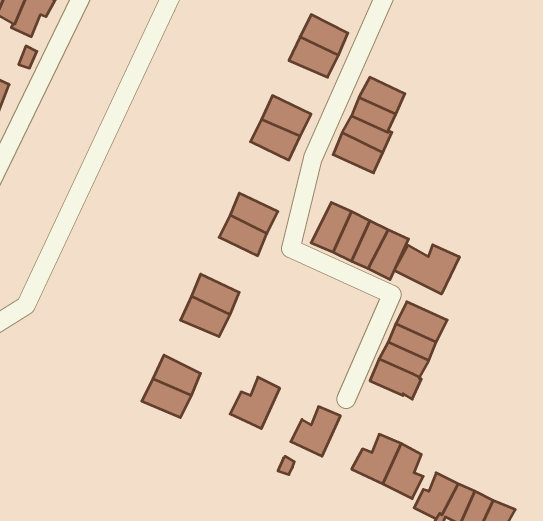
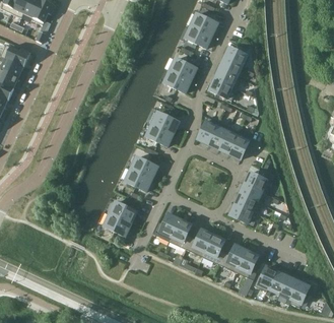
building: [394,245,459,294] -> none
building: none -> [170,218,192,248]
building: none -> [203,234,225,263]

